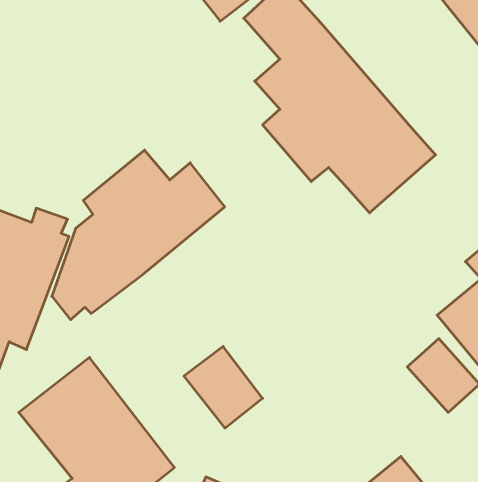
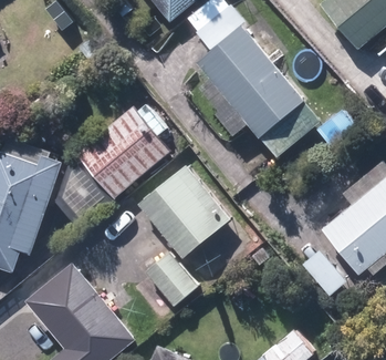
building: none -> [137,165,231,259]

